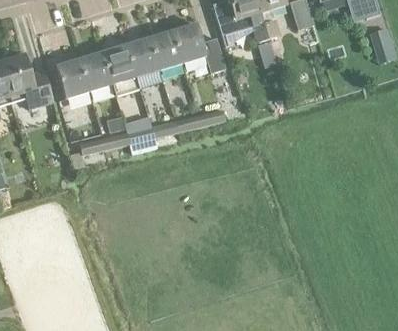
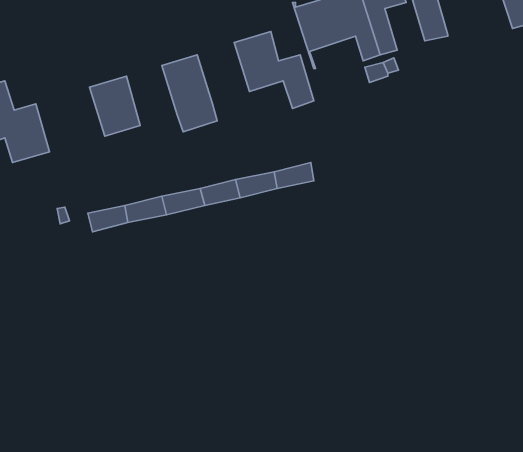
building: [149,30,183,70] -> none
building: [103,45,140,95] -> none
building: [55,59,89,98] -> none

